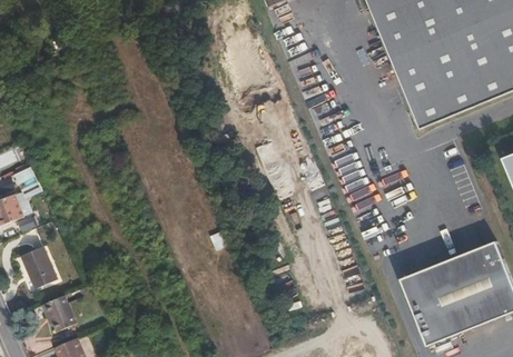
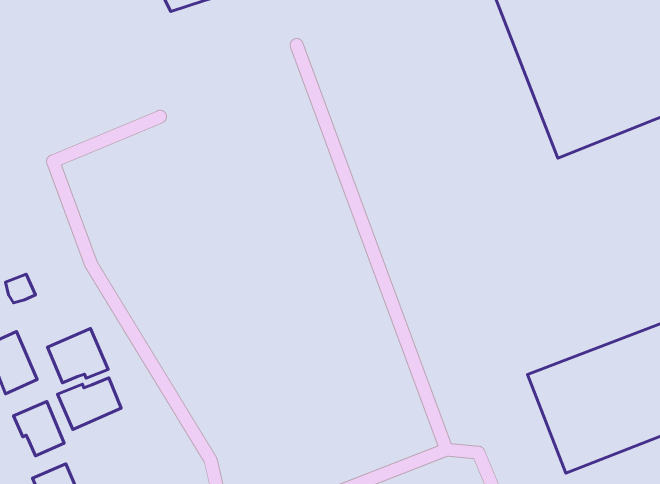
building: none -> [48,328,108,383]
building: none -> [58,378,121,429]

